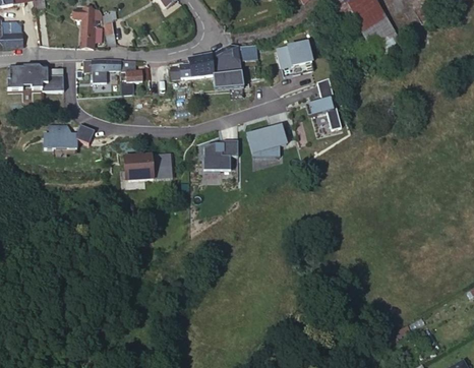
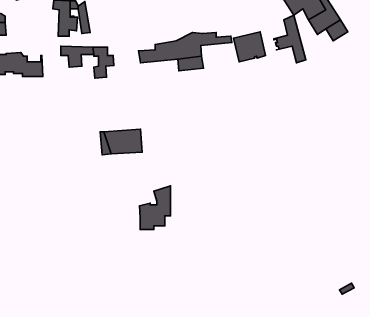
building: [304,77,340,130] -> [274,15,306,63]
building: [201,122,236,171] -> [139,186,170,229]
building: [244,123,284,157] -> none
building: [46,124,97,150] -> none

